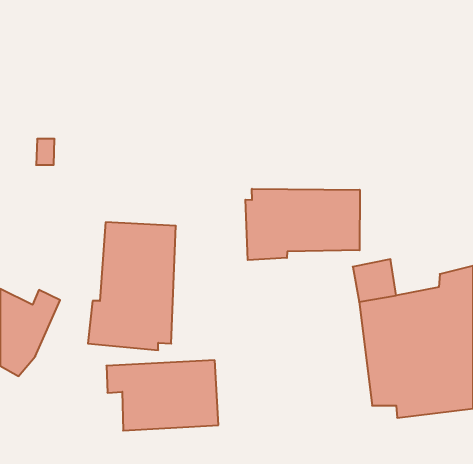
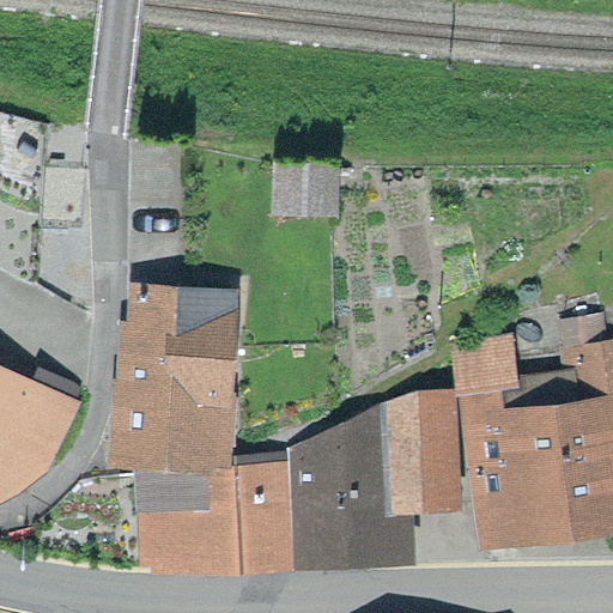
building: [245,189,360,260] -> none
building: none -> [298,411,455,558]

